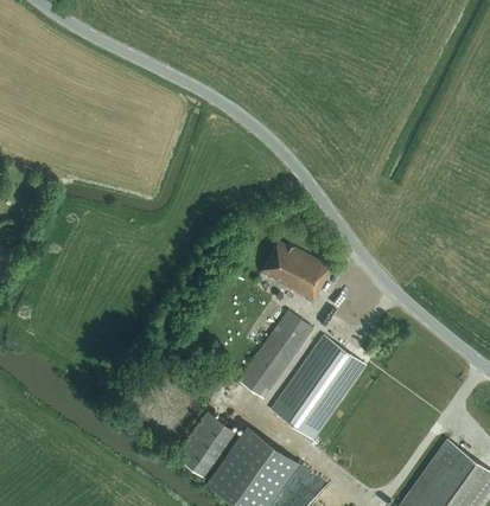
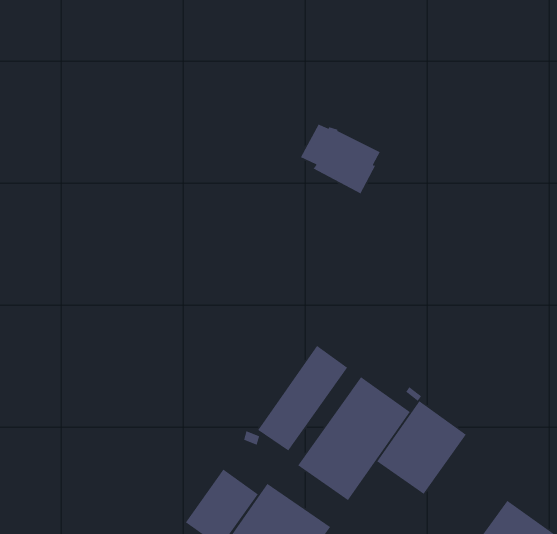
building: [262,242,330,301] -> [300,124,381,195]
building: none -> [376,400,467,495]

